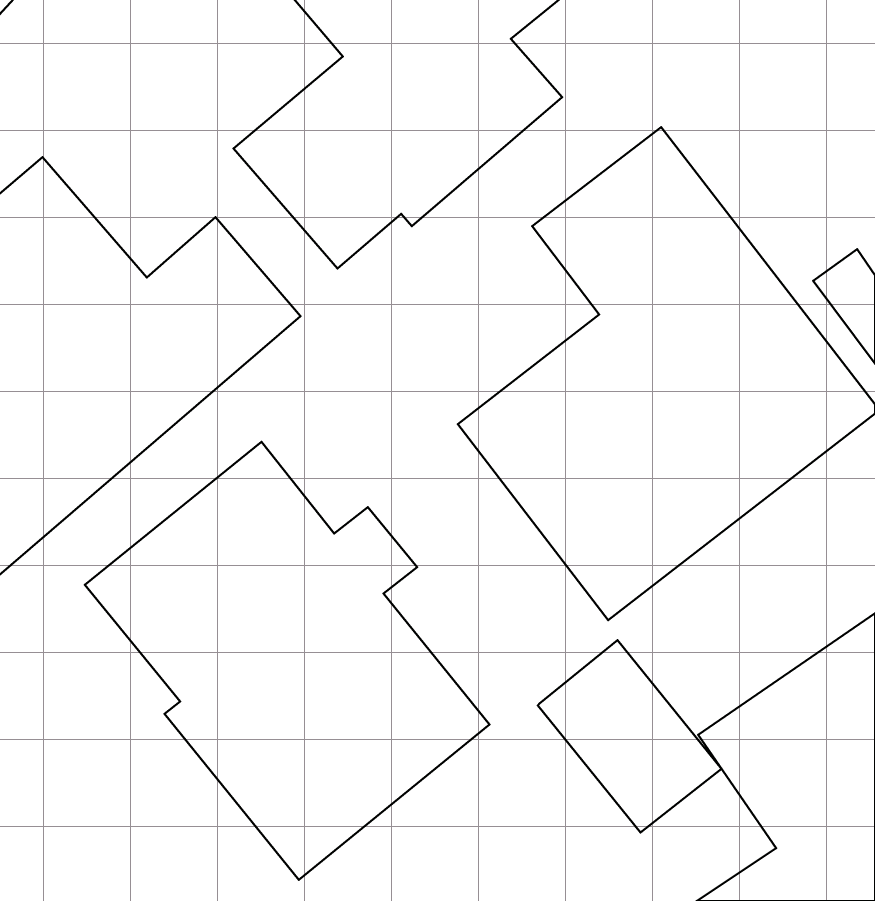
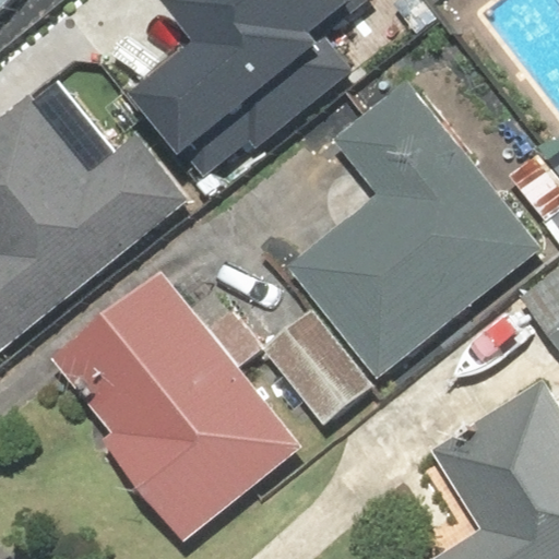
building: [538,640,722,833] -> [259,309,372,428]

